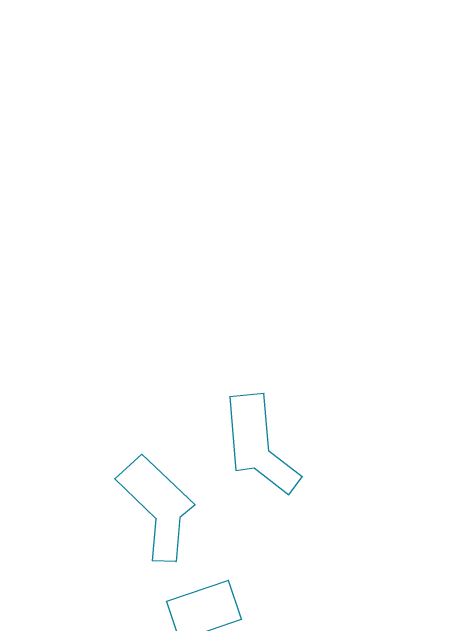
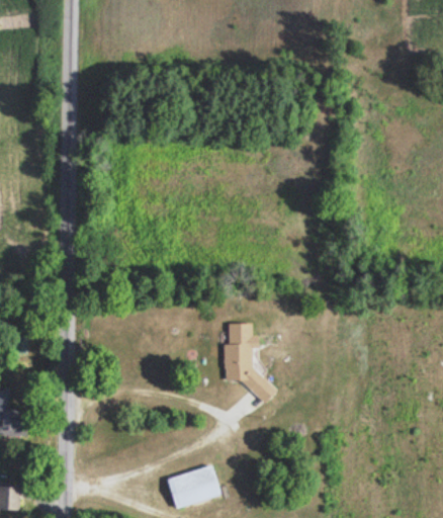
building: [115,454,195,562] -> none

